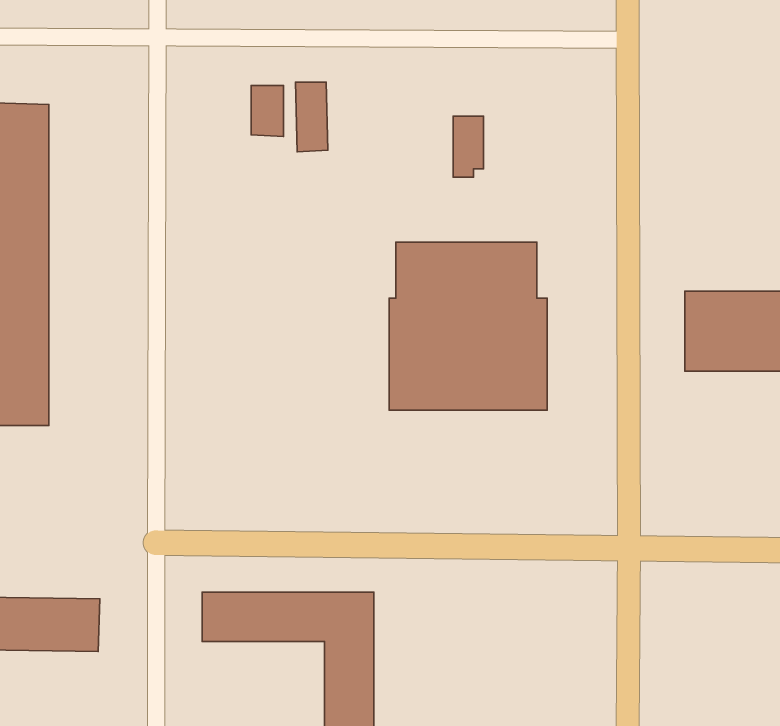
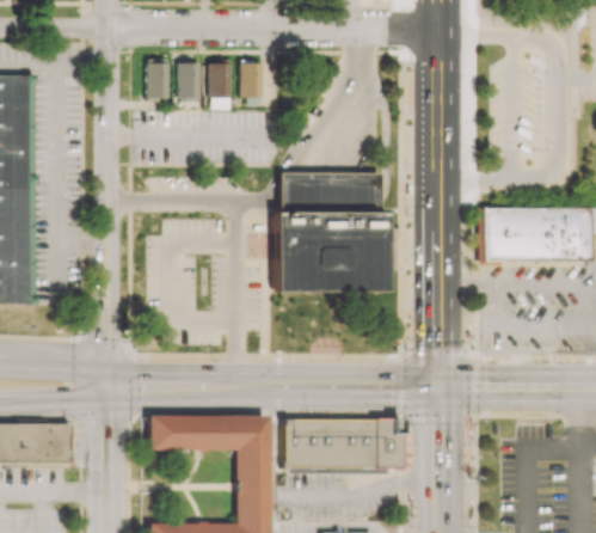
building: none -> [147,57,170,97]
building: [453,116,484,177] -> [241,61,263,104]
building: none -> [282,418,401,466]

